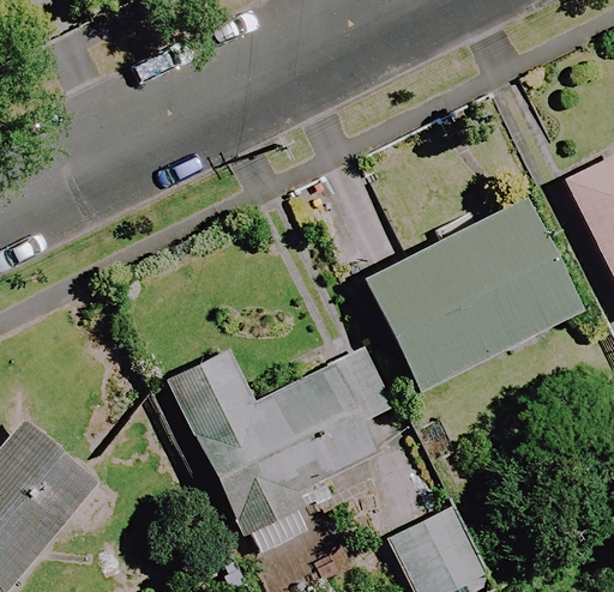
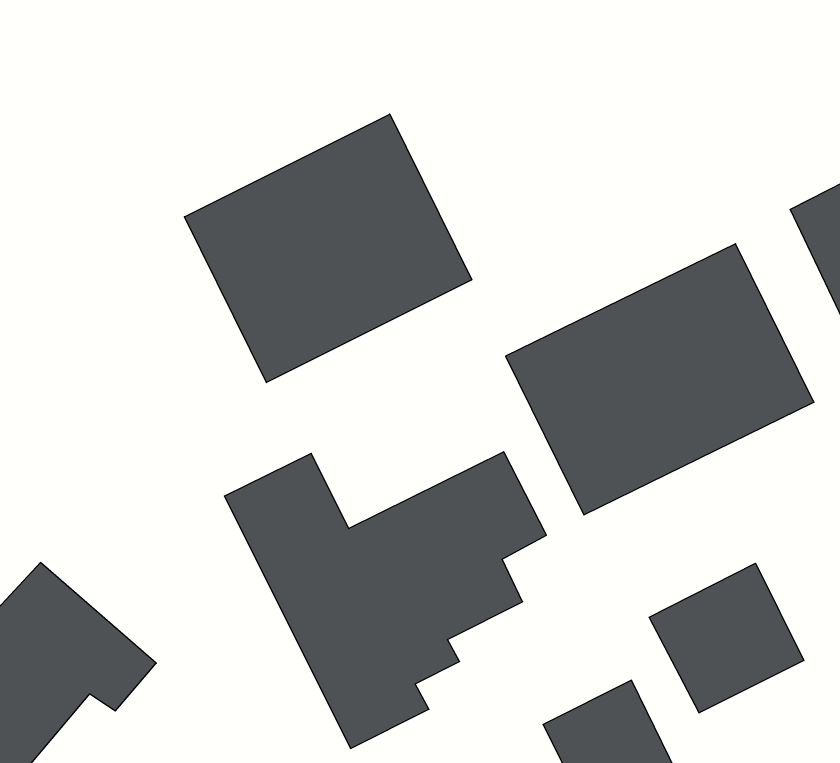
building: none -> [184,114,472,383]
building: none -> [649,563,804,713]

